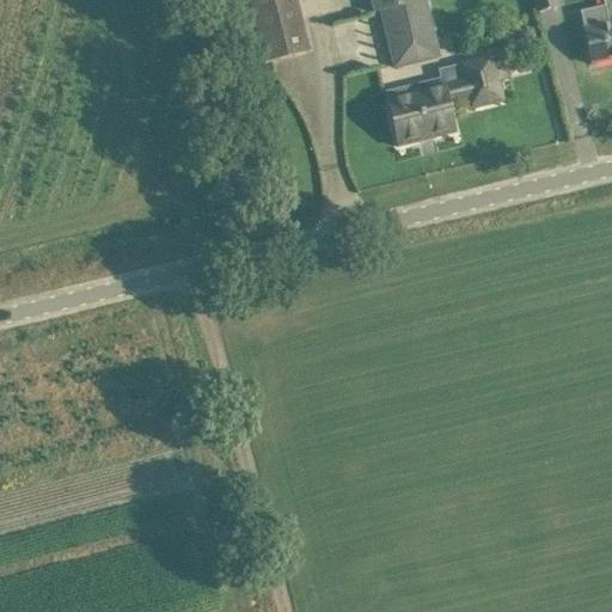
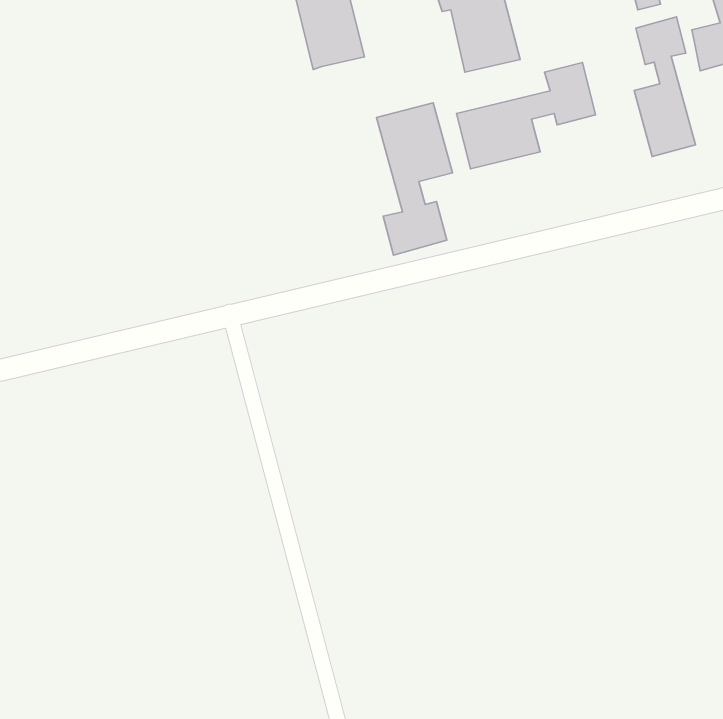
building: none -> [634,17,695,156]
building: none -> [377,103,452,255]

